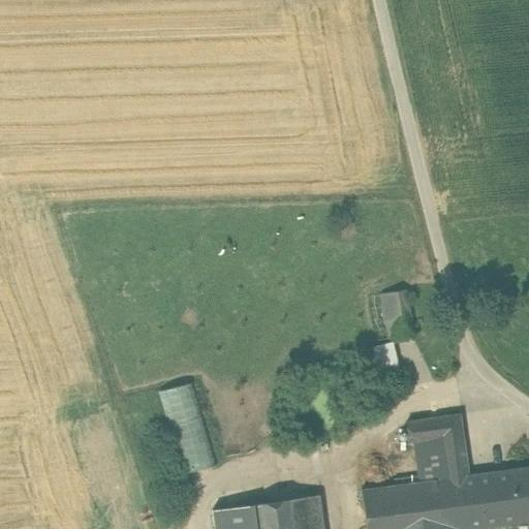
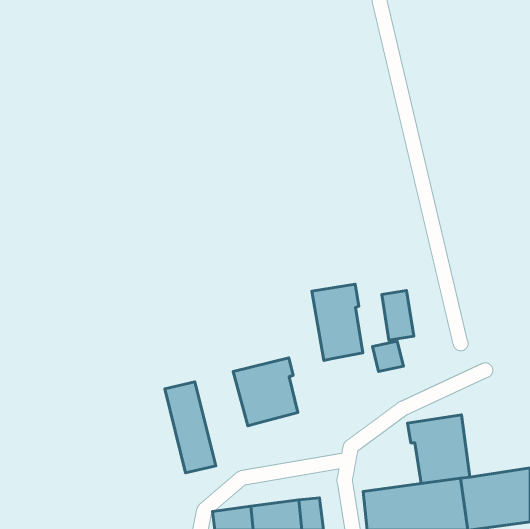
building: none -> [312,284,363,361]
building: none -> [233,358,298,426]

